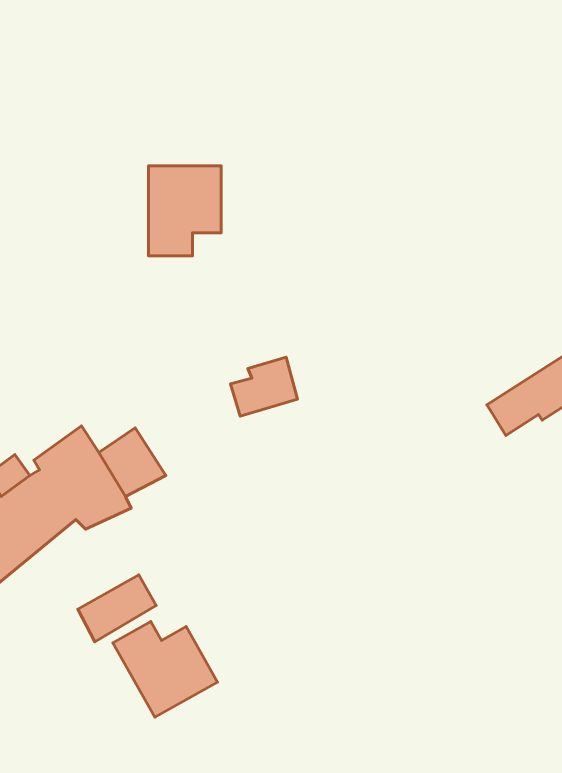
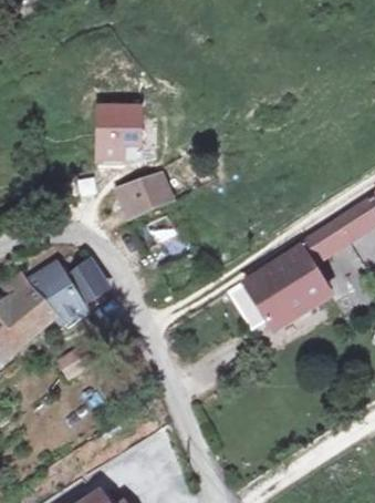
building: none -> [122,177,171,219]
building: none -> [227,248,329,333]
building: [113,621,218,717] -> none

